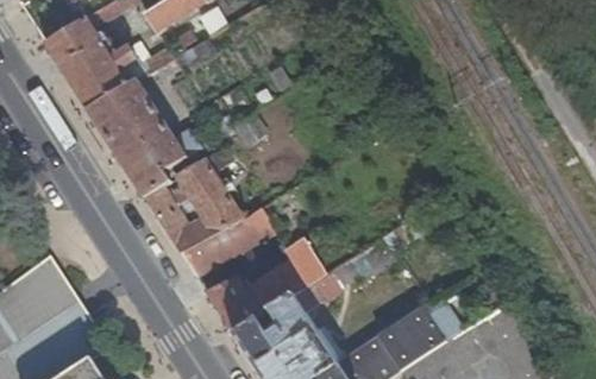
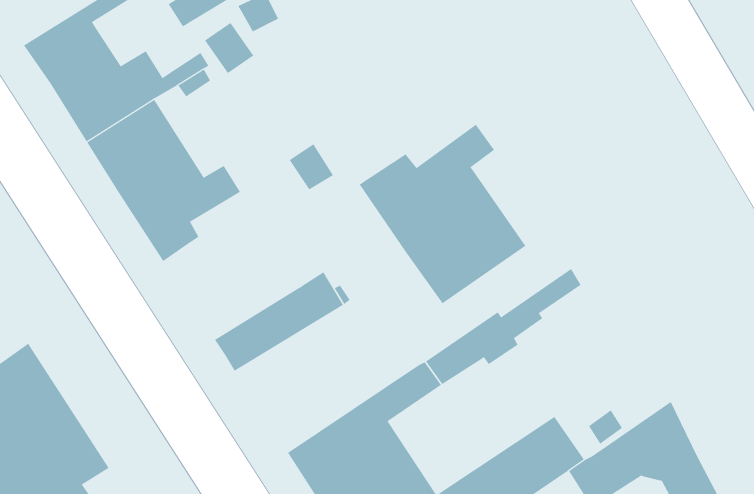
building: none -> [359,124,526,304]
building: [143,154,241,253] -> none
building: [205,236,326,334] -> none

